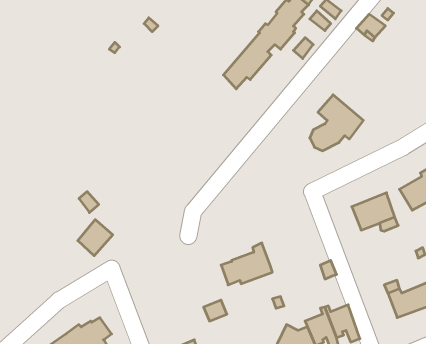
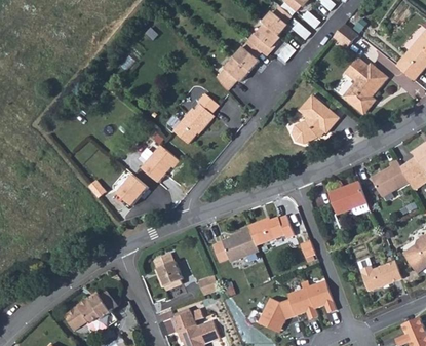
building: none -> [341,56,386,113]
building: none -> [172,92,218,143]
building: none -> [140,145,179,182]
building: [78,220,113,256] -> [116,174,147,205]
building: none -> [248,215,293,244]
building: none -> [152,252,181,290]

